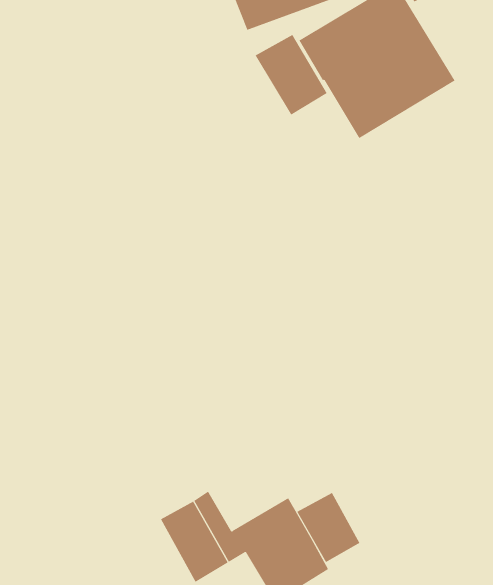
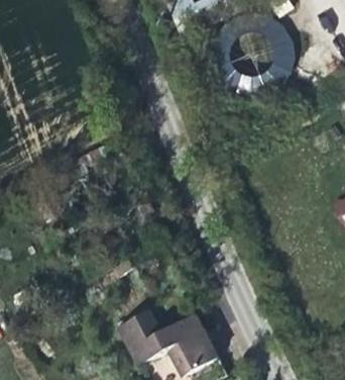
building: [255,34,327,116] -> none
building: [296,492,360,563] -> none

